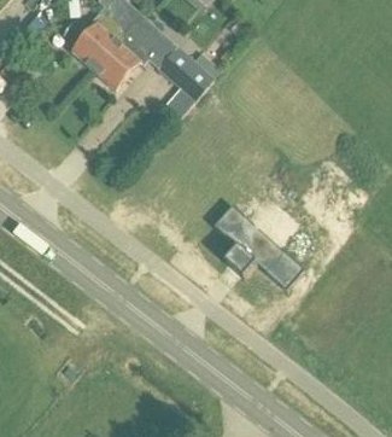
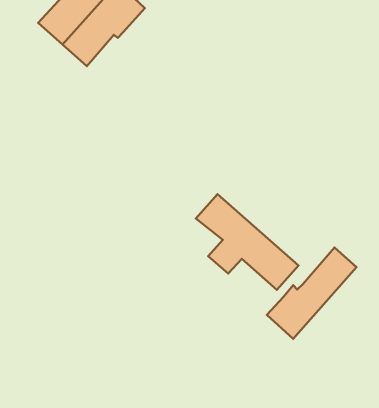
building: [159,49,215,104] -> none
building: none -> [267,248,356,339]

